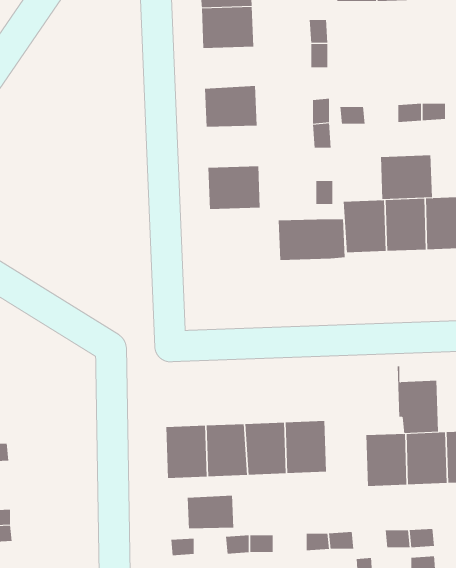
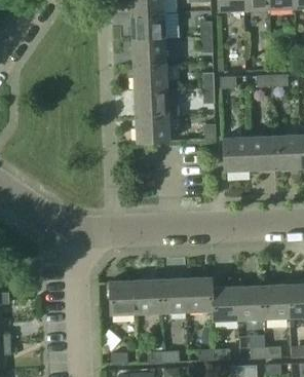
building: none -> [132,39,166,66]
building: [381,154,432,200] -> none
building: [278,219,346,261] -> [135,89,178,116]
building: [397,366,439,433] -> [211,277,237,321]
building: [187,495,234,529] -> none

